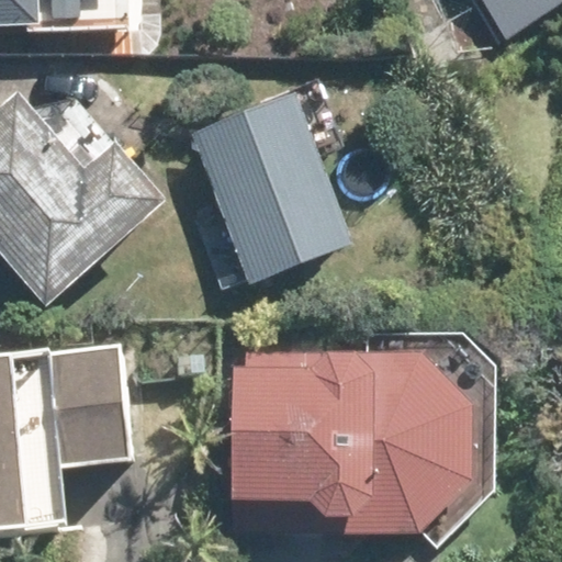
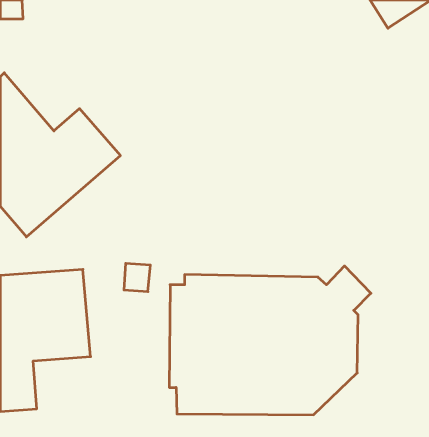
building: [195,97,350,280] -> none

